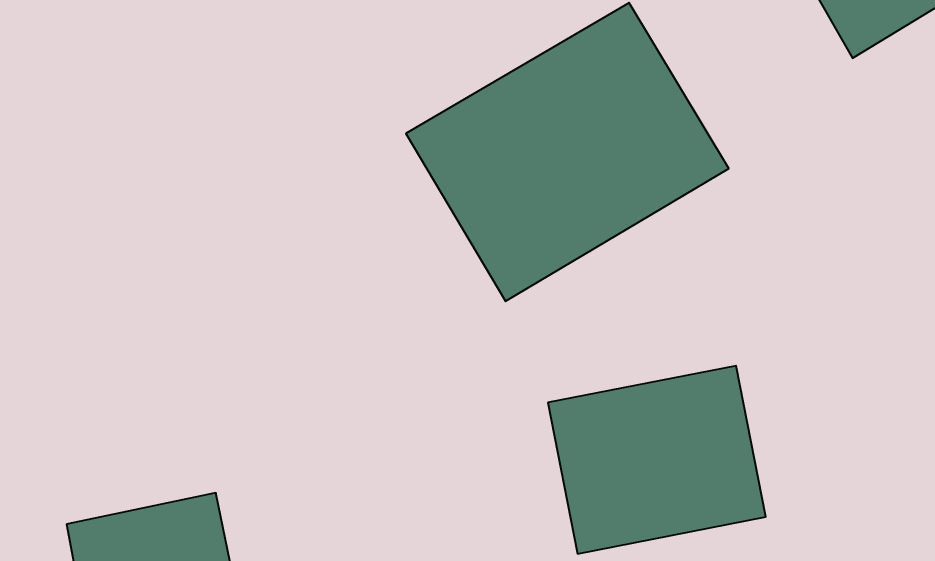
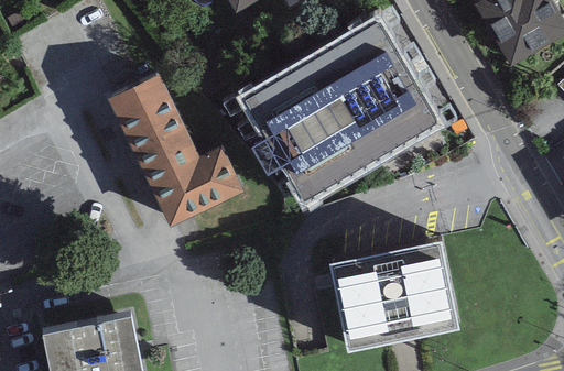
building: none -> [108,75,241,226]

